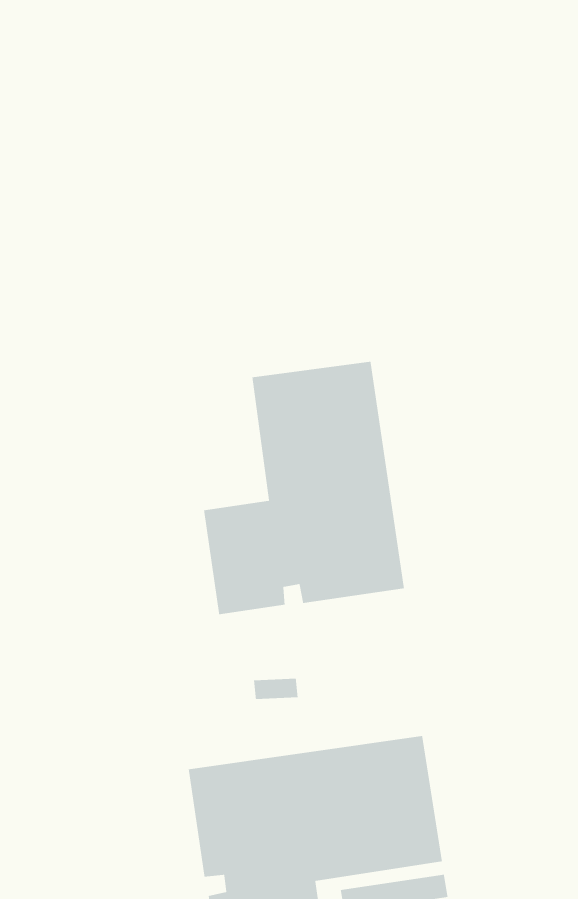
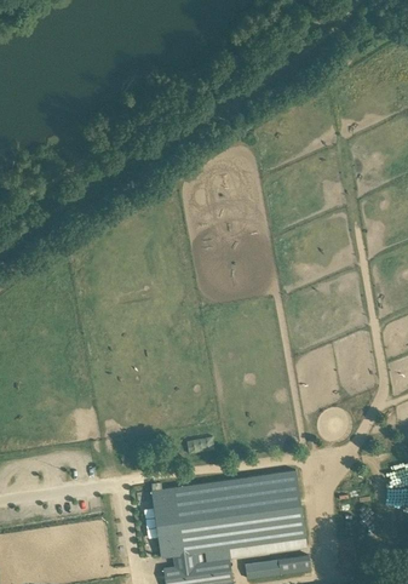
building: [203,361,405,615] -> none

